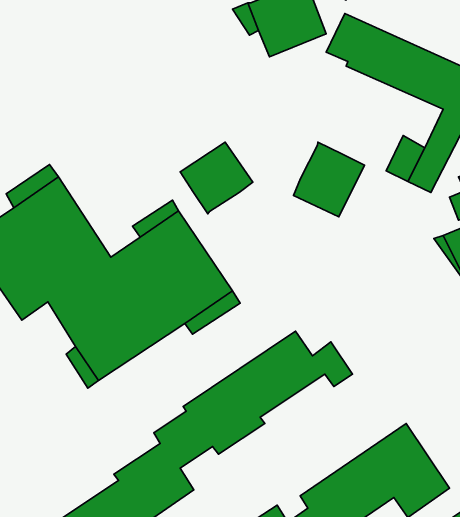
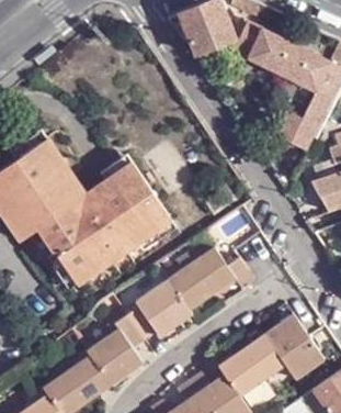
building: [180,142,253,214] -> none
building: [294,142,365,217] -> none

